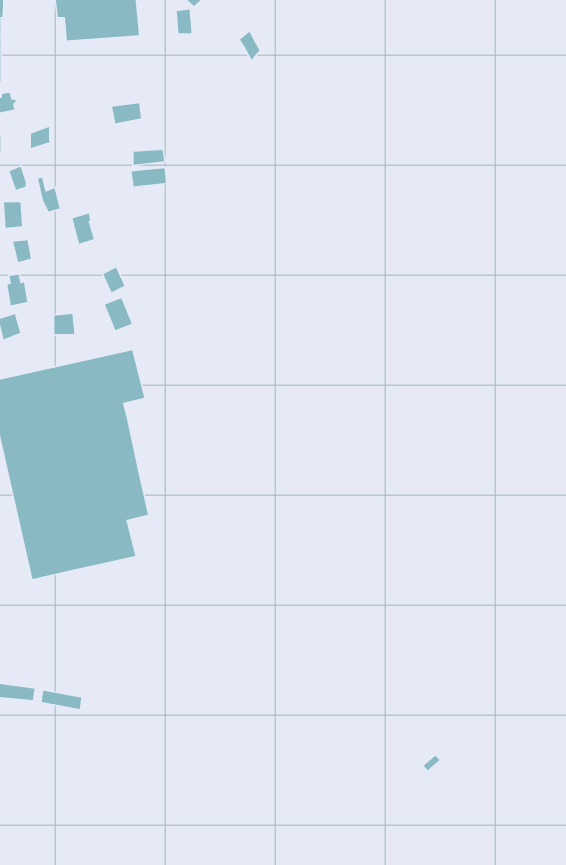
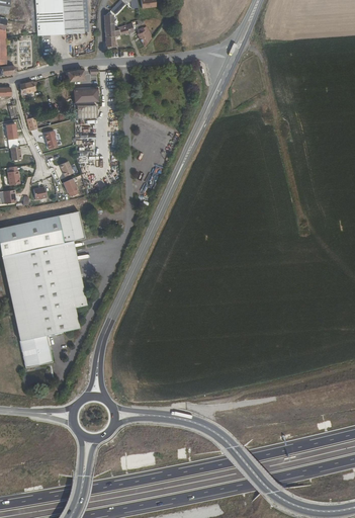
building: none -> [21,332,54,364]

